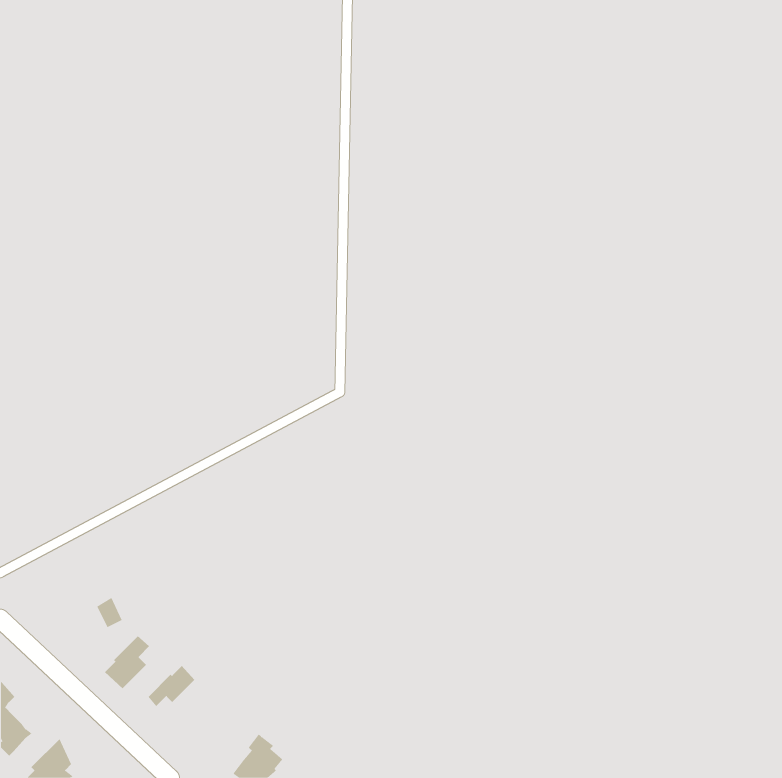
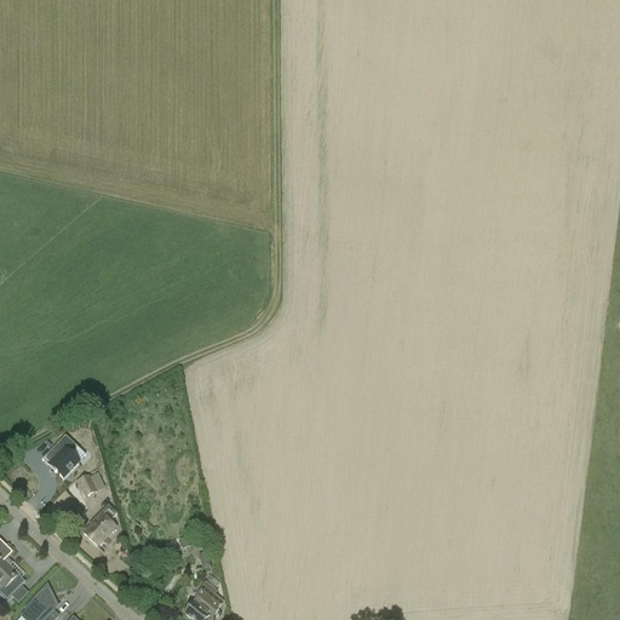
building: none -> [44,435,79,477]
building: [148,665,195,707] -> none

